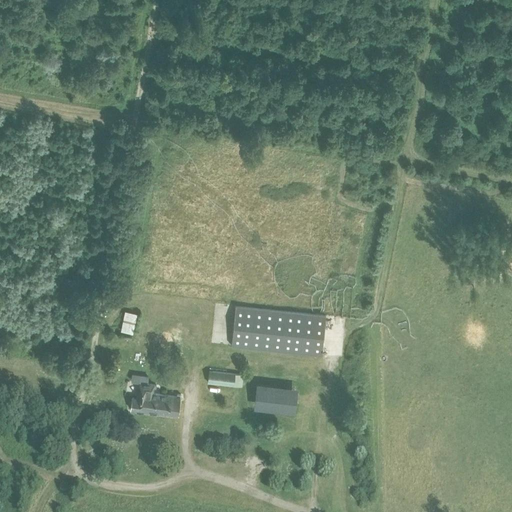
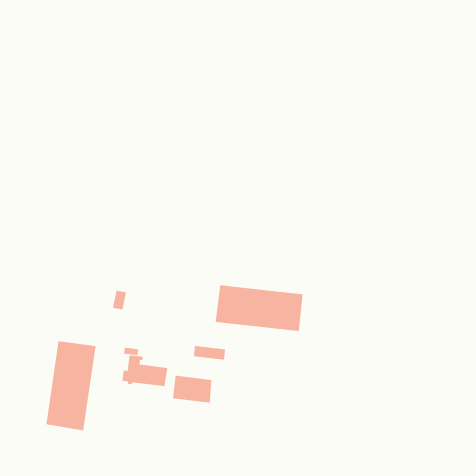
building: none -> [46,341,96,431]
building: [252,384,295,414] -> [172,375,212,403]

